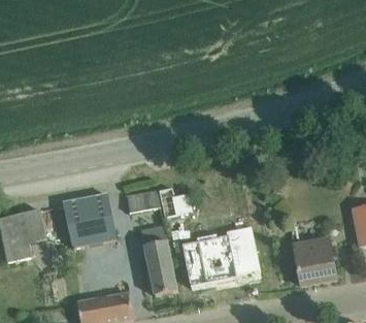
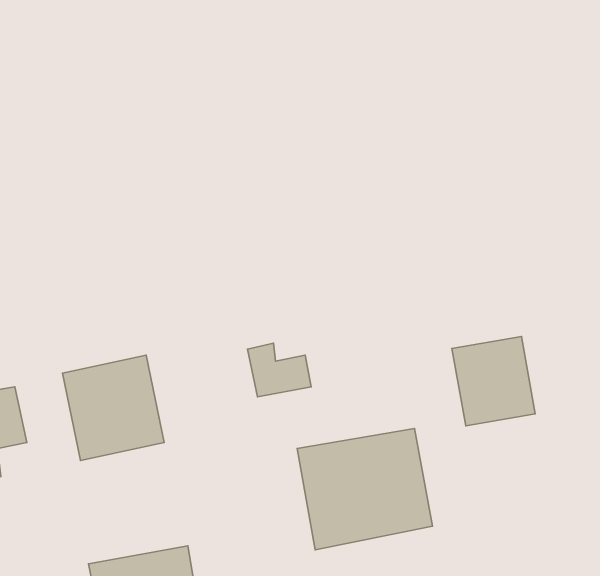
building: [126,190,159,212] -> none
building: [141,225,175,295] -> none
building: [293,237,336,284] -> [452,336,535,426]

